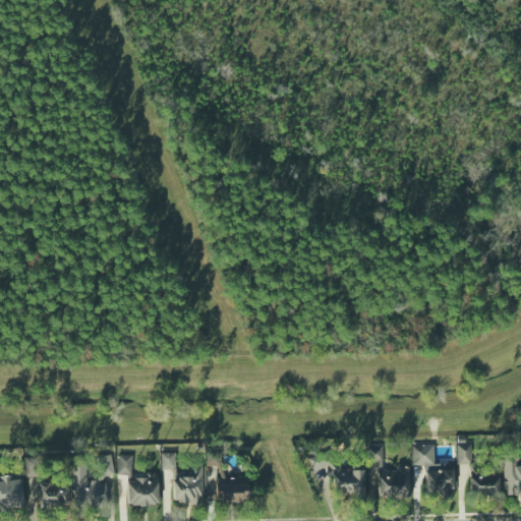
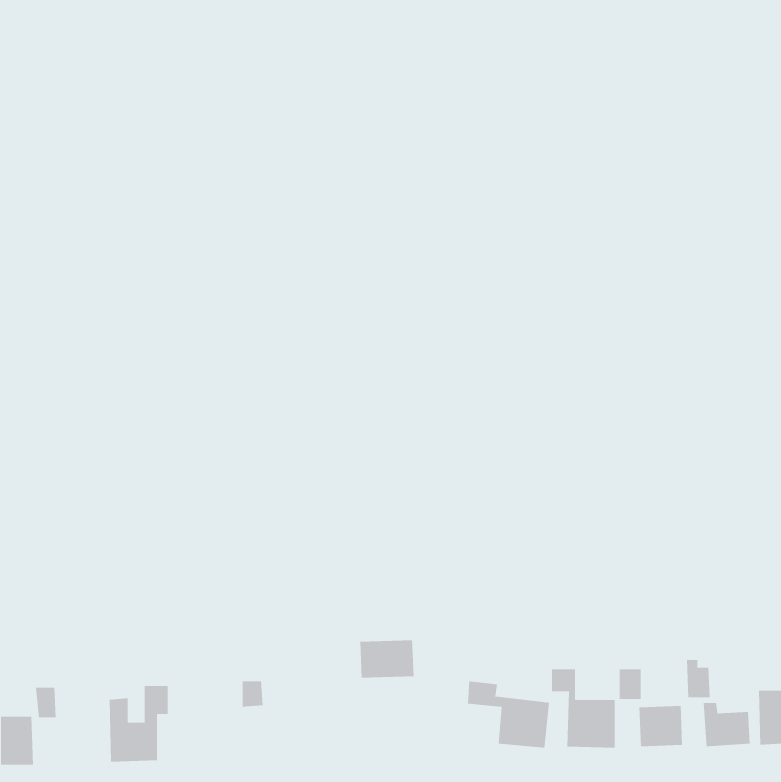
building: [118,455,159,506] -> none
building: [173,470,205,504] -> none
building: [214,477,250,503] -> [359,640,414,678]
building: [38,483,68,509] -> none

